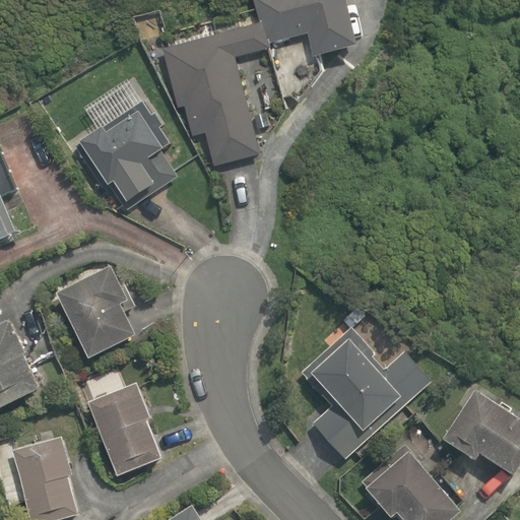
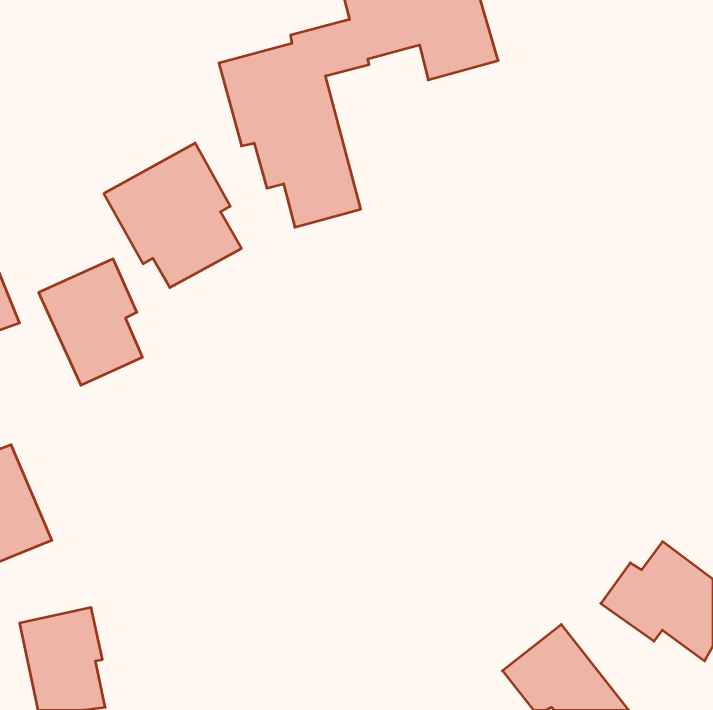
building: [59,269,134,361] -> [39,259,142,385]
building: [310,336,425,452] -> none
building: [90,387,162,475] -> none

